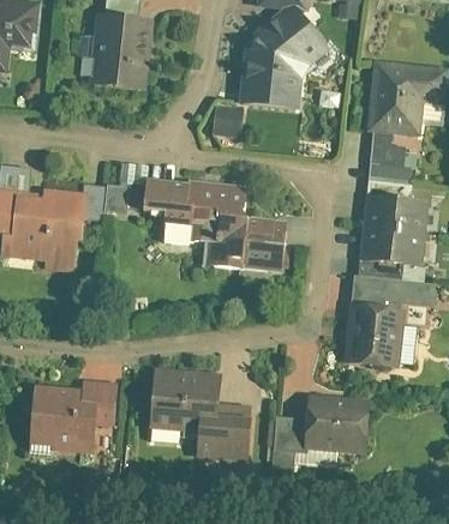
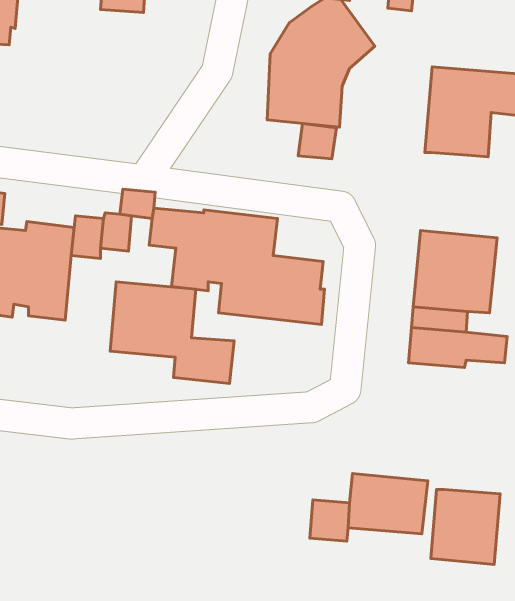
building: [90,19,151,88] -> none
building: [211,108,243,137] -> [298,124,336,159]
building: [370,133,409,182] -> none
building: [345,305,401,366] -> [431,489,500,565]
building: [150,369,251,452] -> [110,282,234,384]
building: [29,378,116,447] -> none

